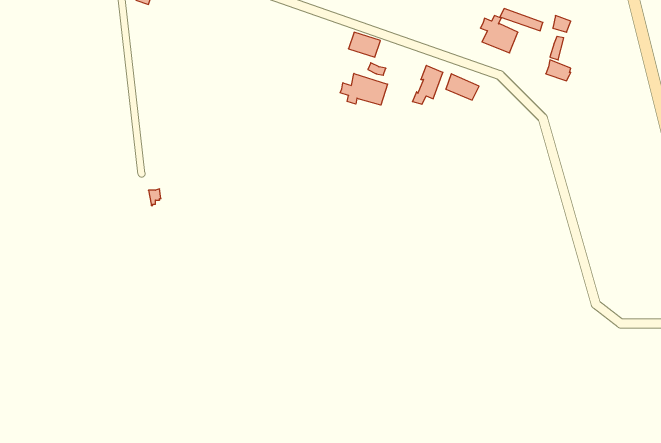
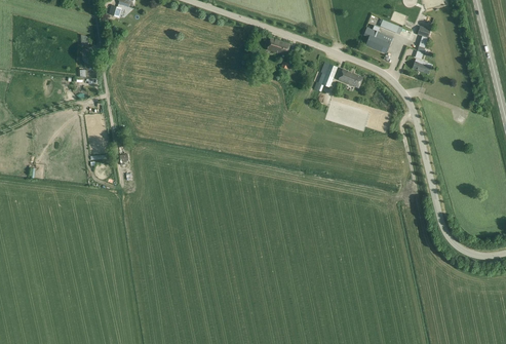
building: [340,73,388,105] -> none

